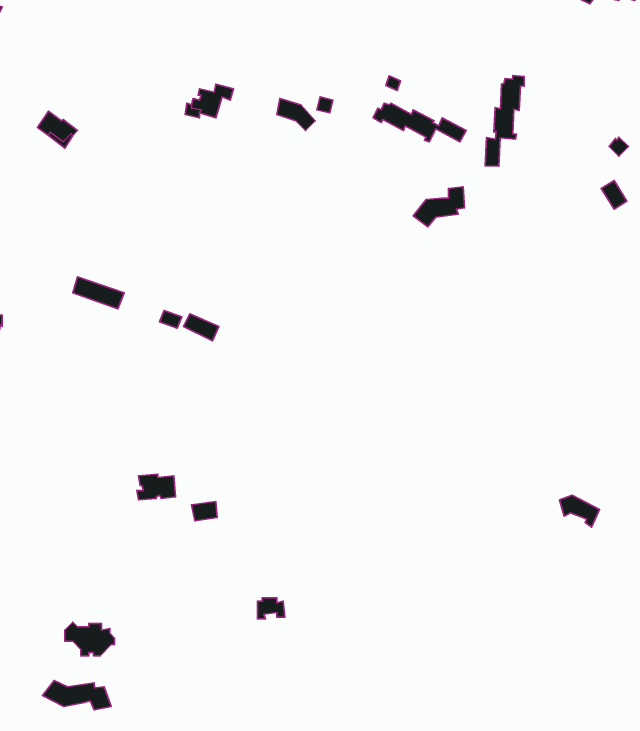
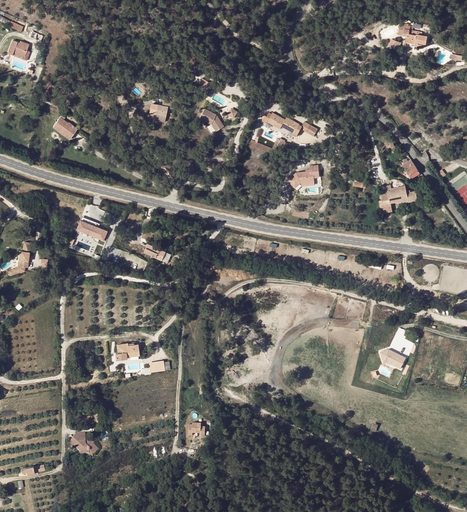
building: [485,75,524,166] -> none
building: none -> [379,185,418,213]
building: [43,681,111,710] -> none

